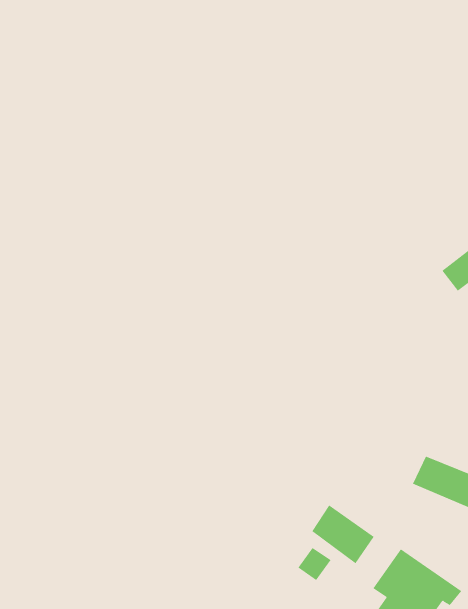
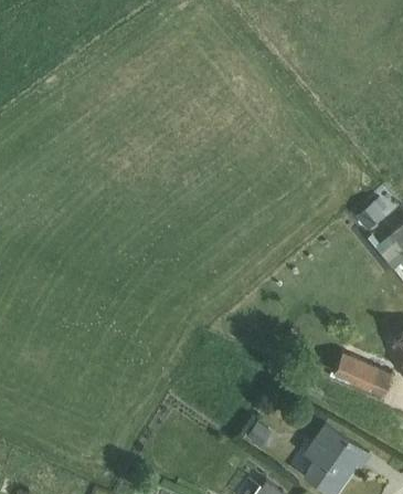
building: [312,505,375,564] -> none

